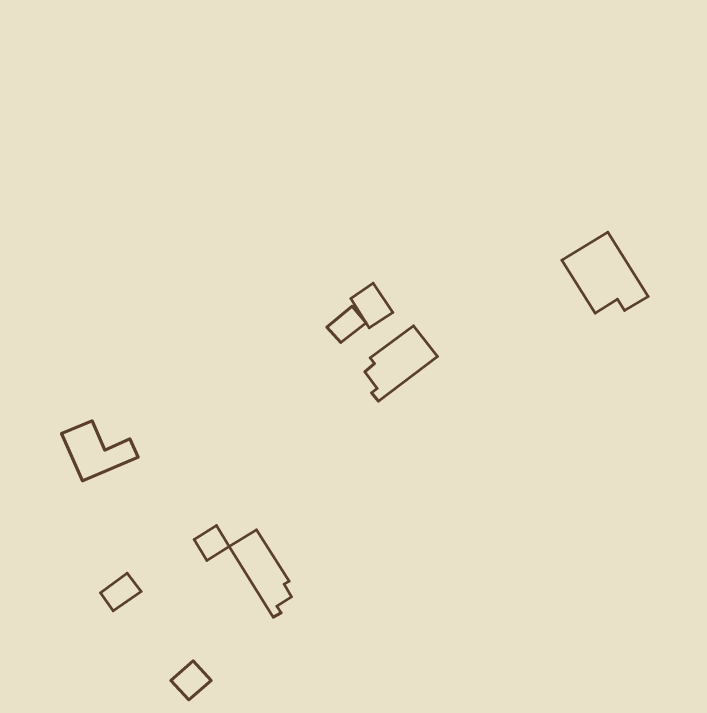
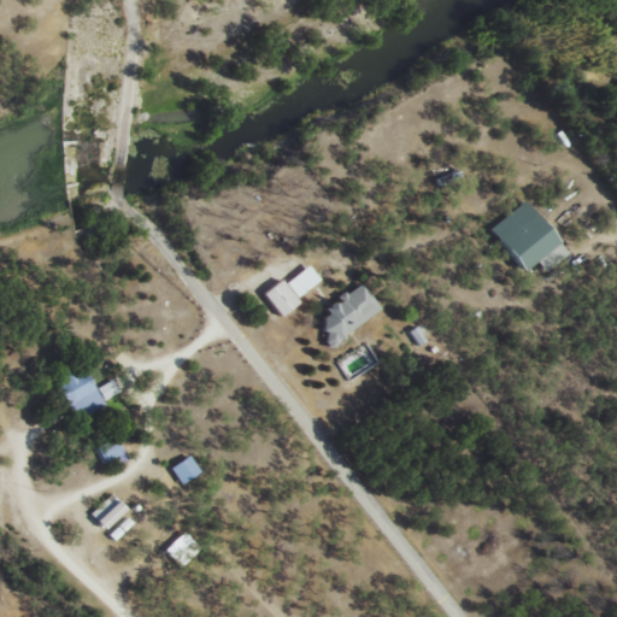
building: [351,283,393,328] -> [265,278,301,317]
building: [229,530,291,617] -> none
building: [171,661,211,700] -> [168,533,202,566]

